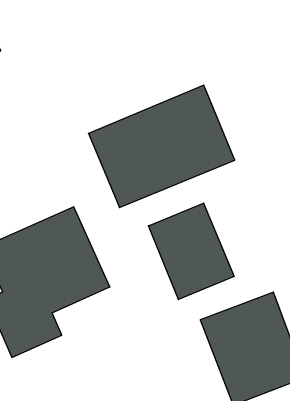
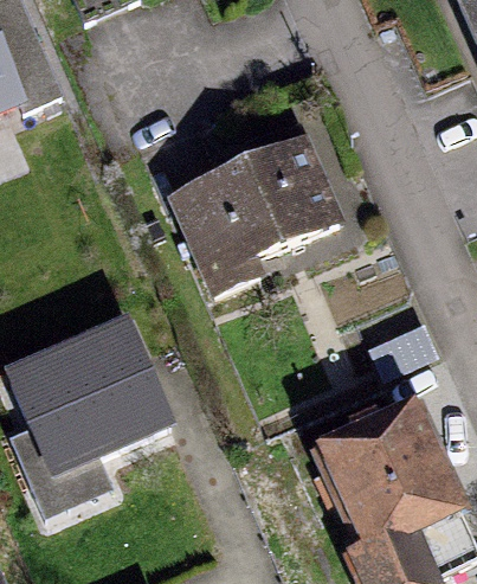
building: [148,203,234,300] -> none

